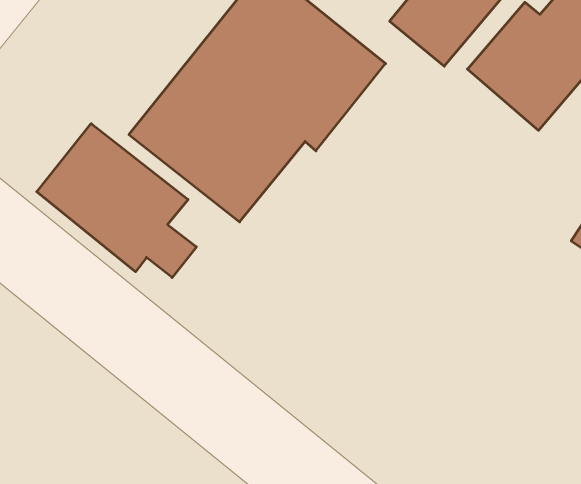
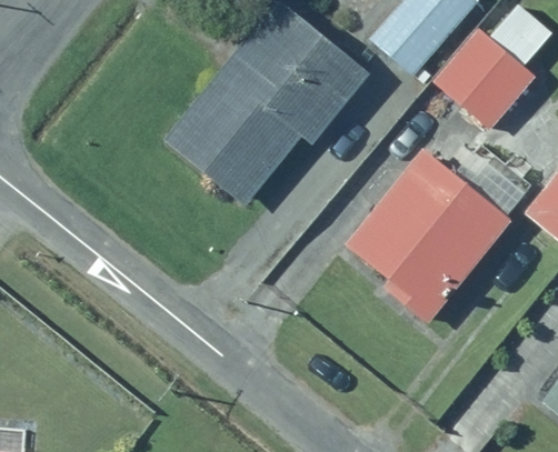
building: [37,124,196,278] -> none
building: none -> [343,148,508,314]

